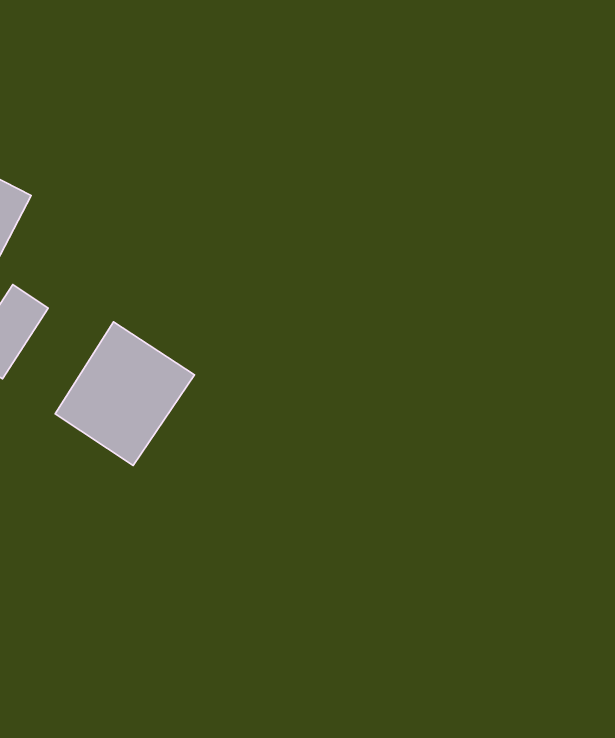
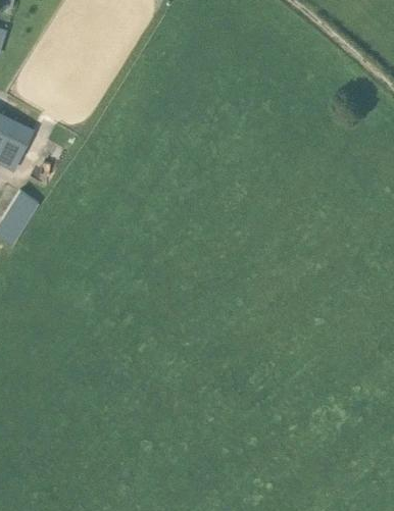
building: [55,322,194,466] -> none

